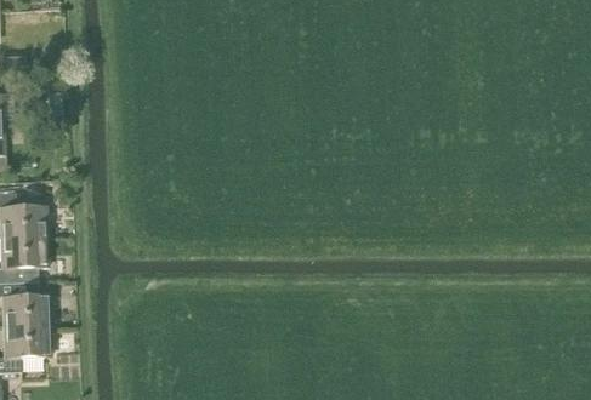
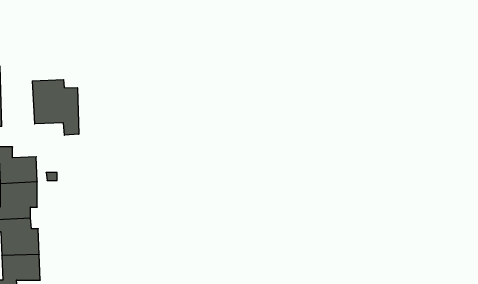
building: none -> [32,80,79,135]

